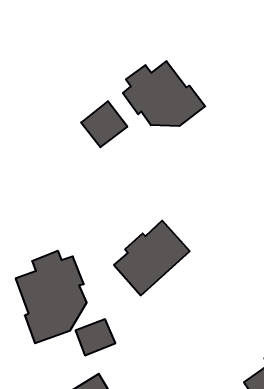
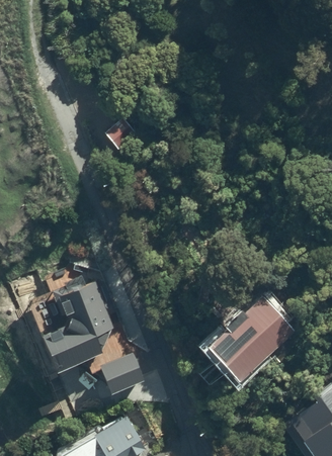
building: [123,61,205,126] -> none
building: [114,221,190,295] -> [206,298,289,380]

